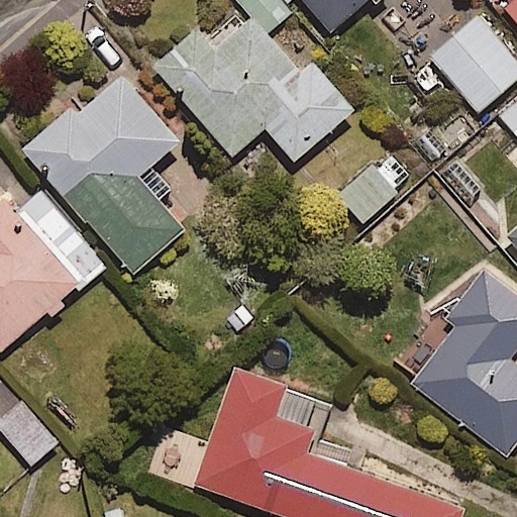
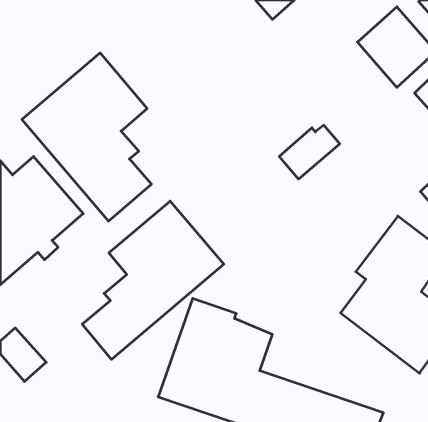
building: [153,17,352,162] -> none
building: none -> [82,201,224,359]

